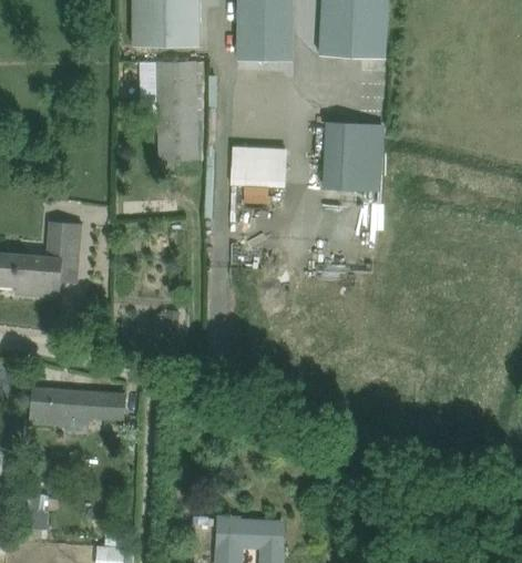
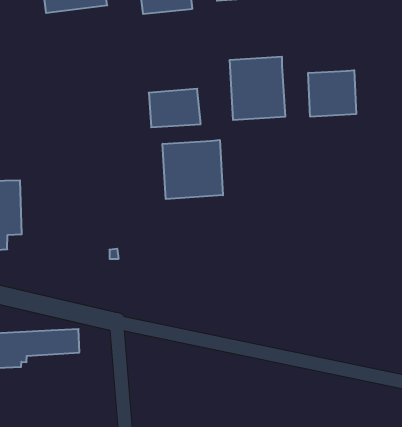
building: [155,61,198,174] -> none
building: none -> [308,70,356,117]
building: none -> [163,140,223,199]

